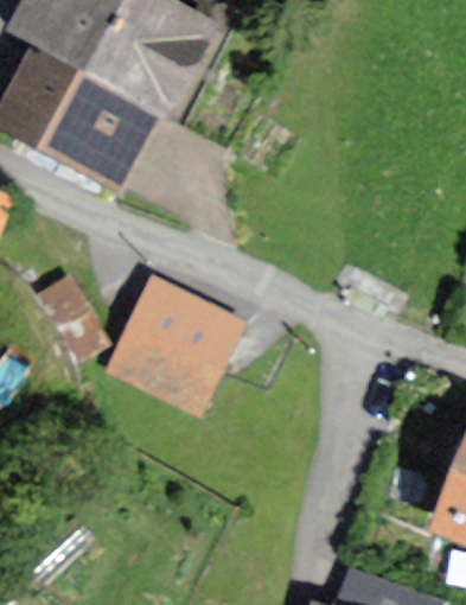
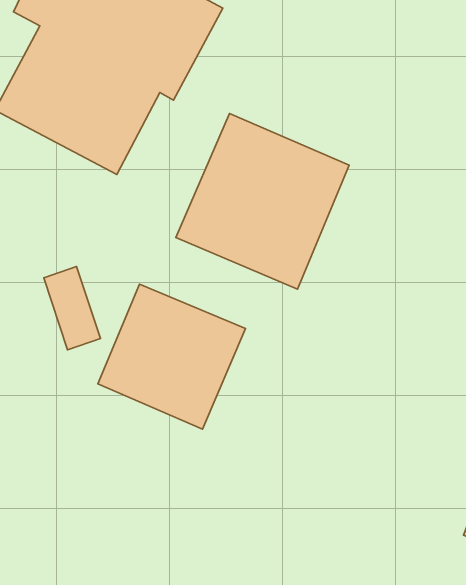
building: none -> [176,114,349,289]

